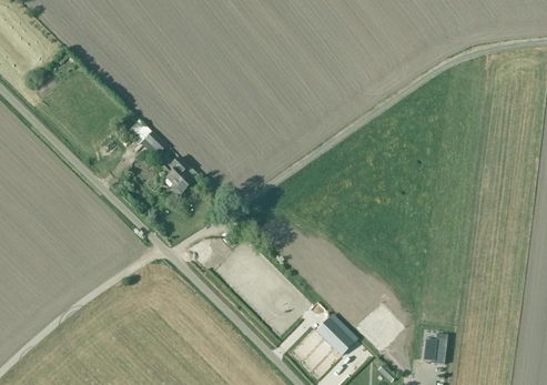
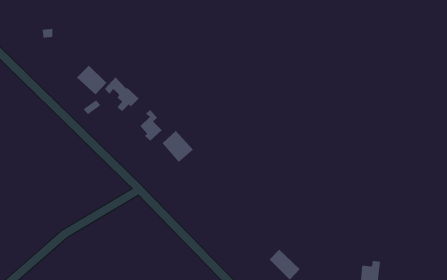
building: none -> [76,65,107,95]
building: none -> [162,130,194,163]

